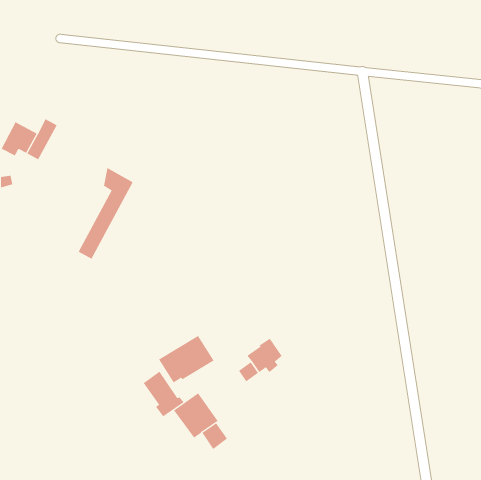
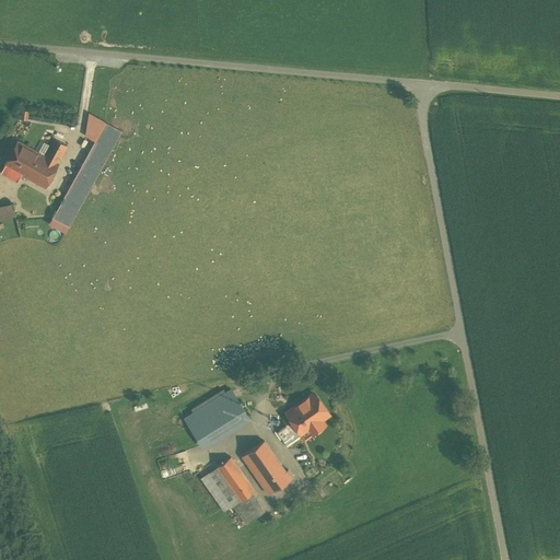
building: [78,167,133,259] -> [56,114,120,221]
building: [143,371,184,417] -> [245,441,293,494]

